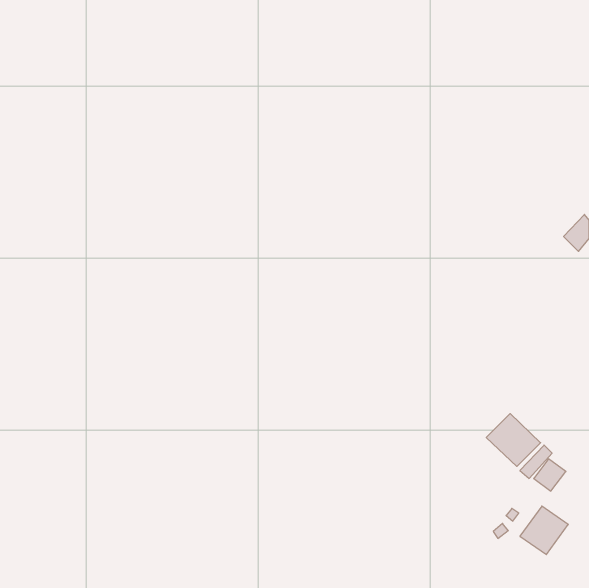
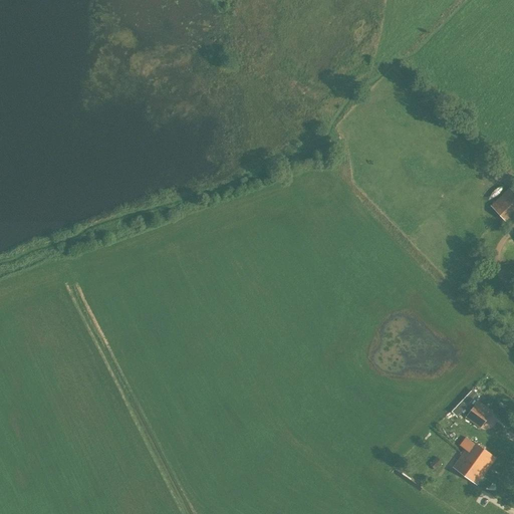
building: [486,414,541,466] -> none

